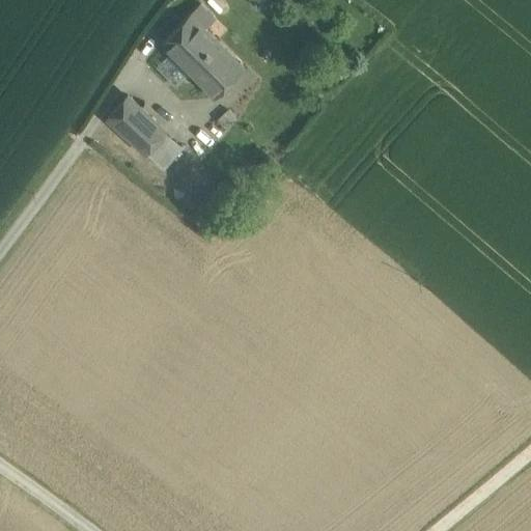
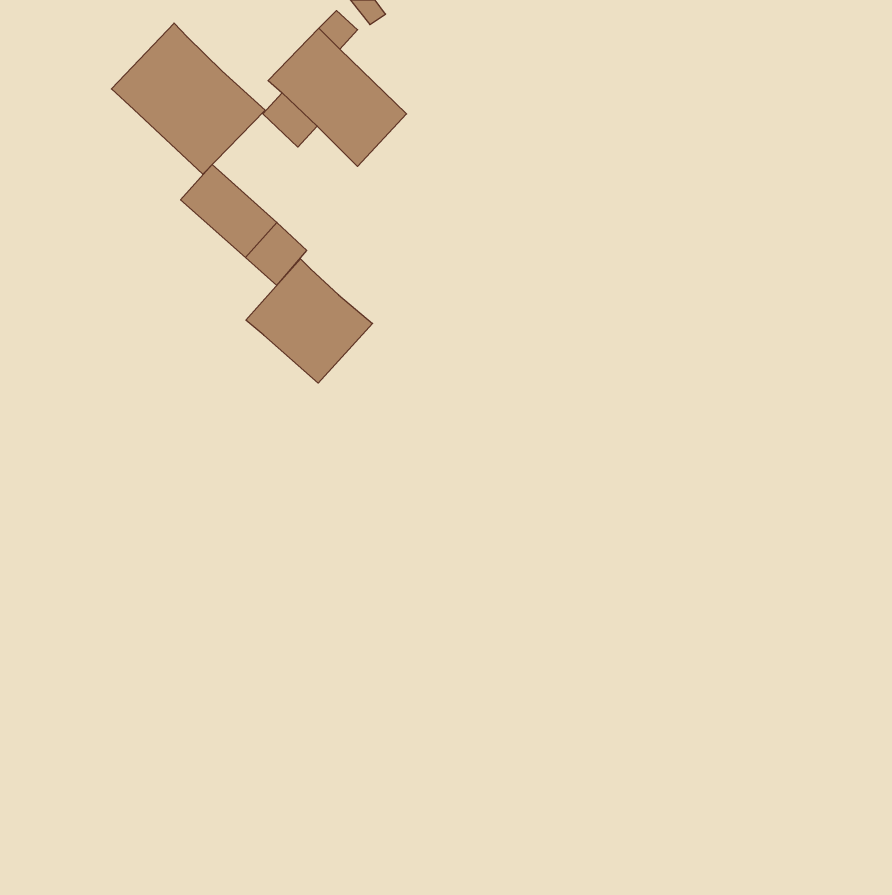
building: none -> [111,23,265,174]
building: none -> [246,259,373,383]

